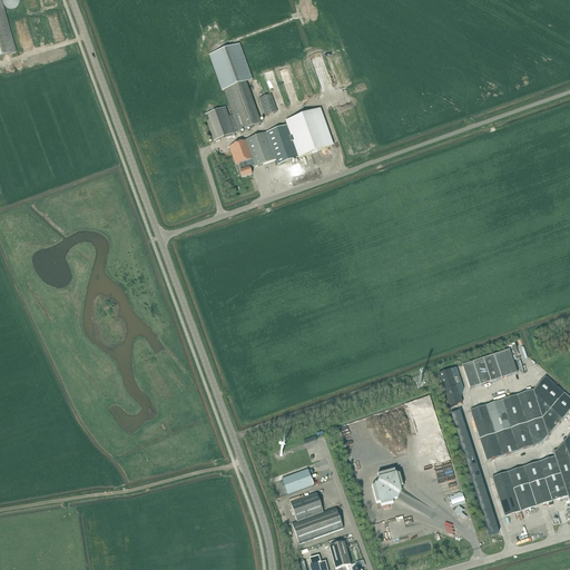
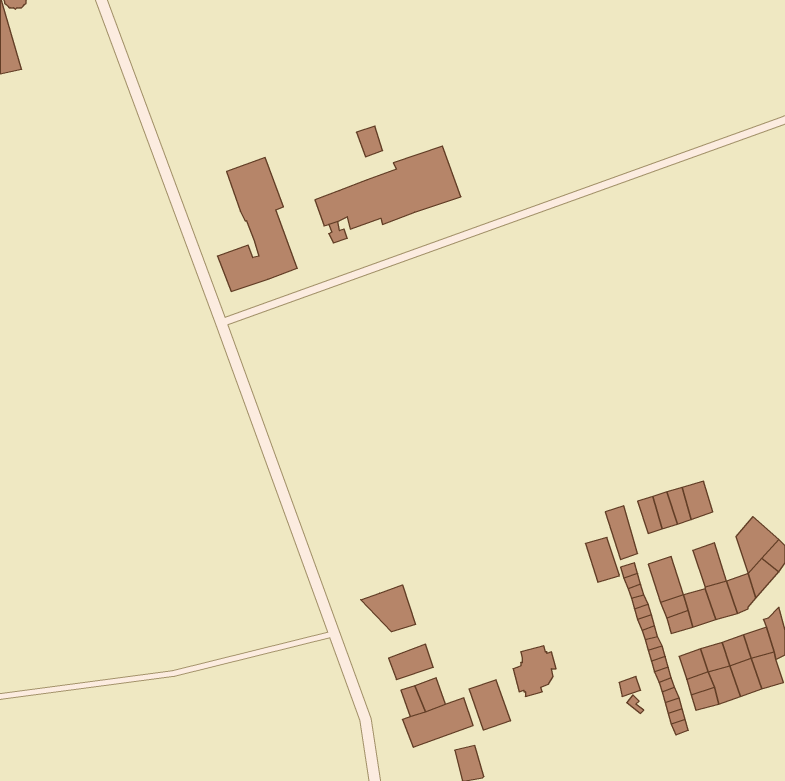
building: [204,41,262,138] -> [217,158,297,291]
building: [518,389,542,421] -> none
building: [487,399,511,431] -> [585,537,619,582]
building: none -> [361,585,416,632]
building: none -> [469,680,510,730]

